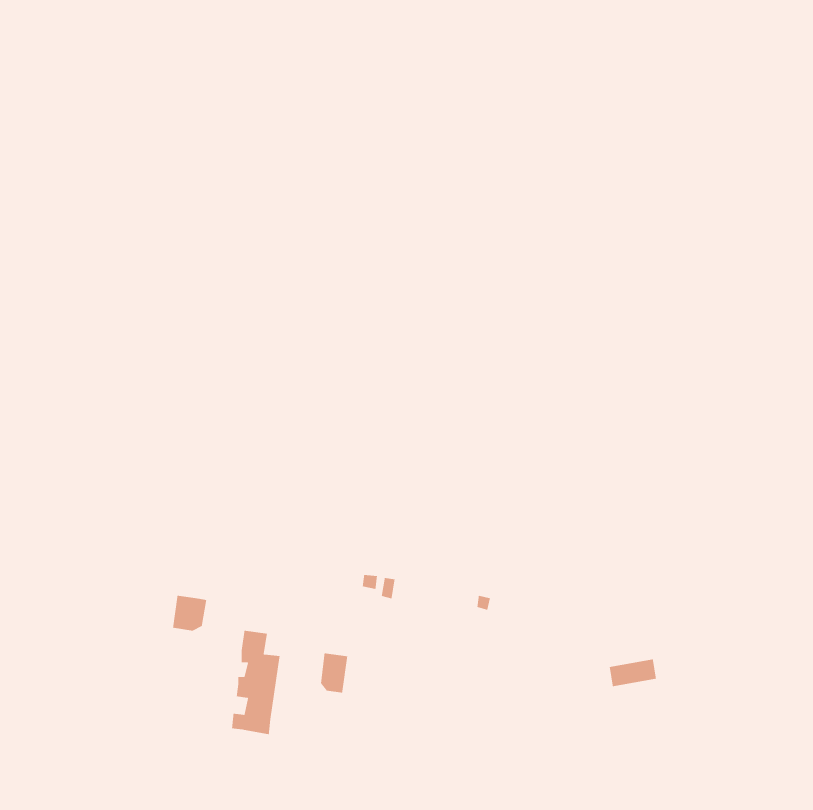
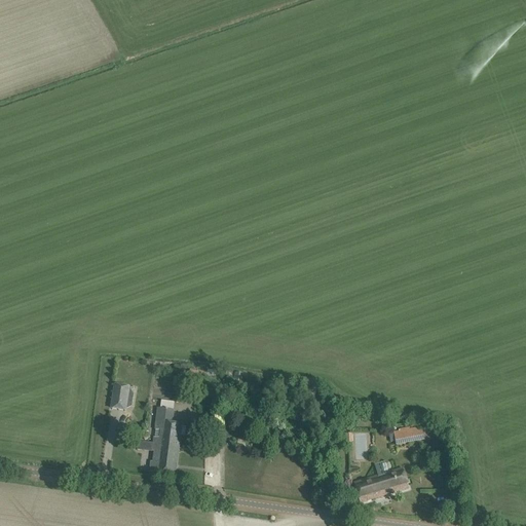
building: [320,653,348,694] -> none
building: none -> [352,464,408,501]

